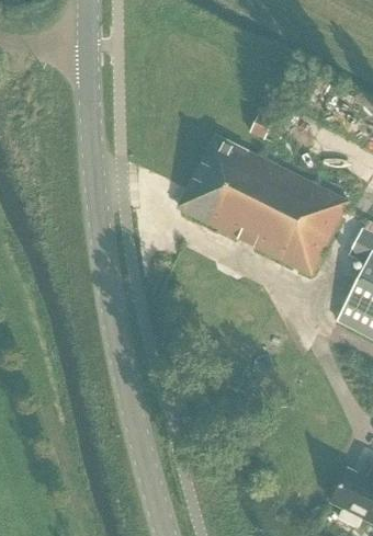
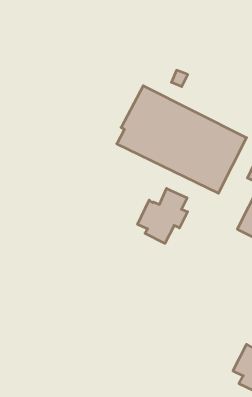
building: none -> [138,188,188,243]

